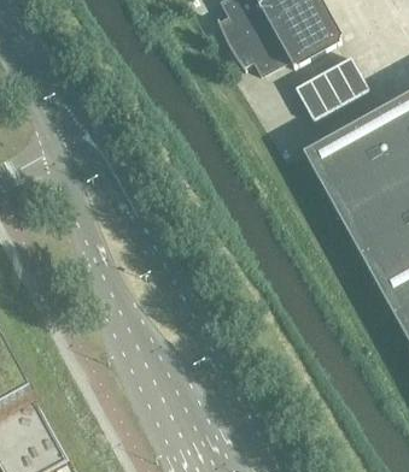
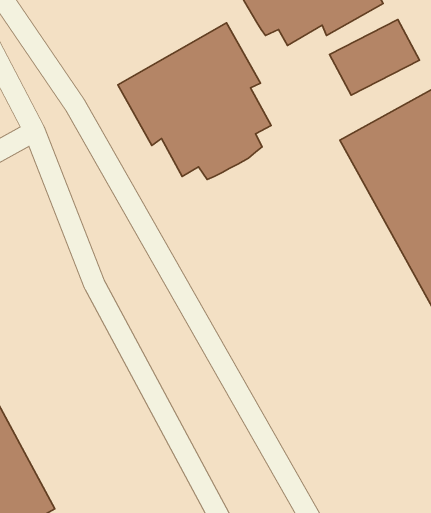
building: none -> [118,23,271,179]

